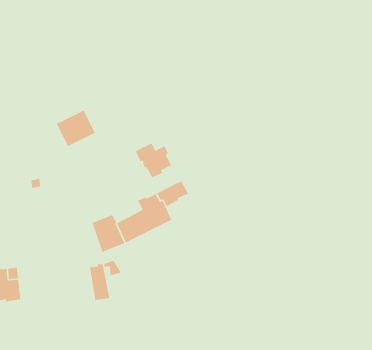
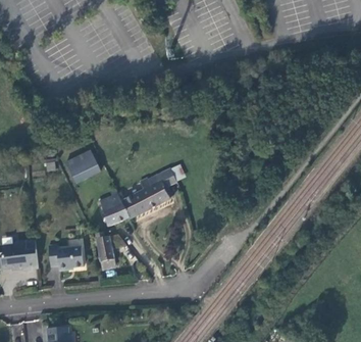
building: [56,110,96,147] -> [65,150,100,183]
building: [135,142,172,178] -> none
building: none -> [48,243,84,271]

